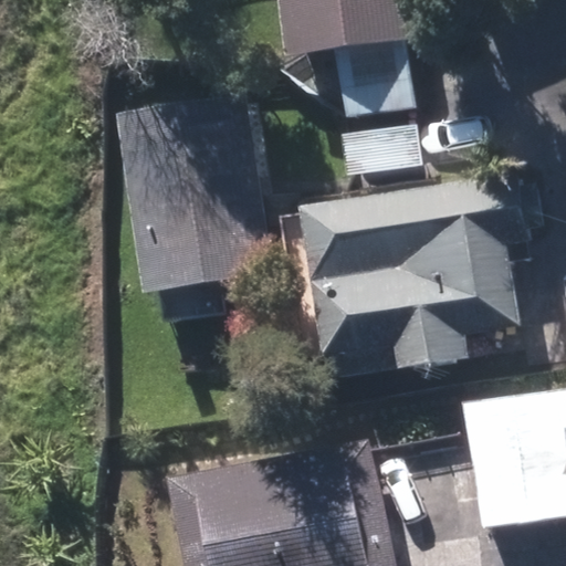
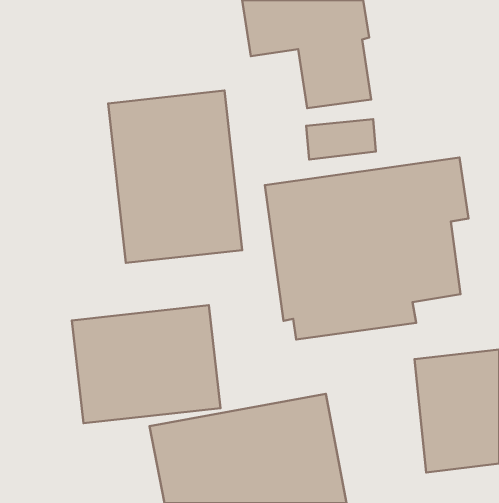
building: none -> [72,305,220,423]

